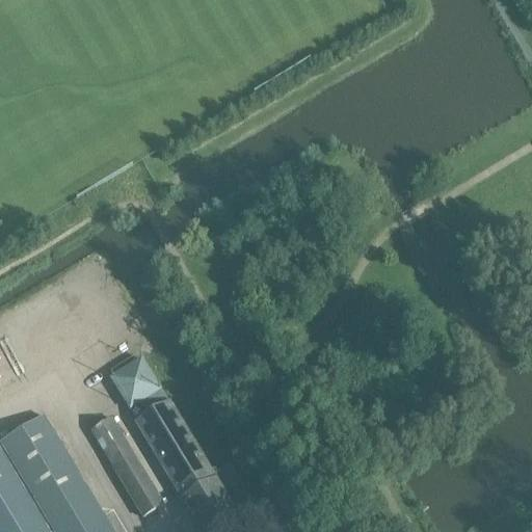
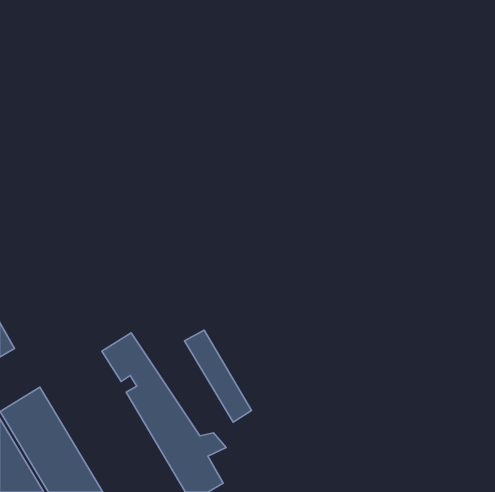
building: [90,417,162,515] -> [185,330,252,422]

